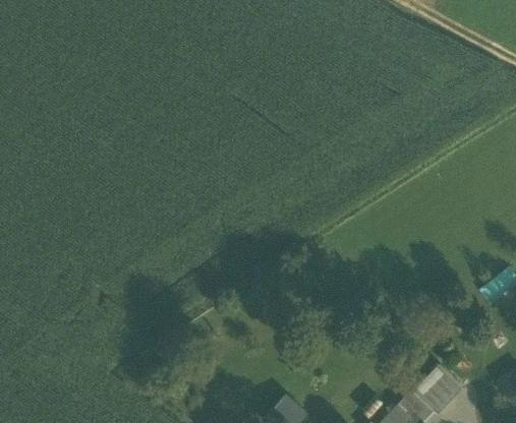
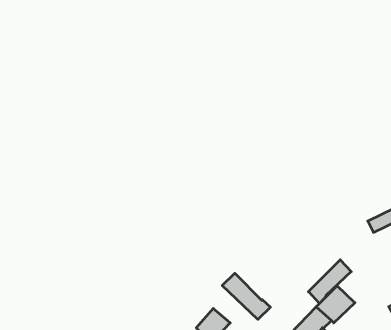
building: none -> [308,260,351,303]
building: none -> [222,273,270,319]

